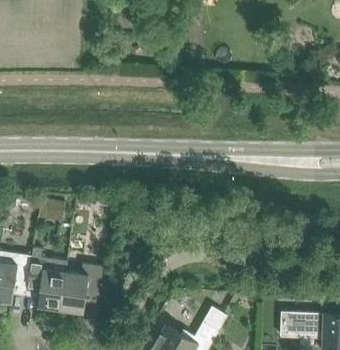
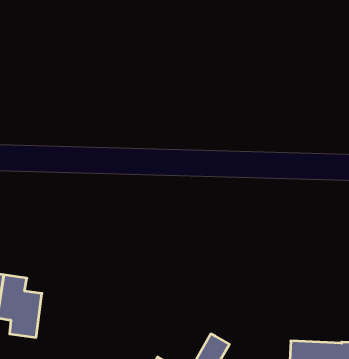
building: [60,263,103,313] -> none

